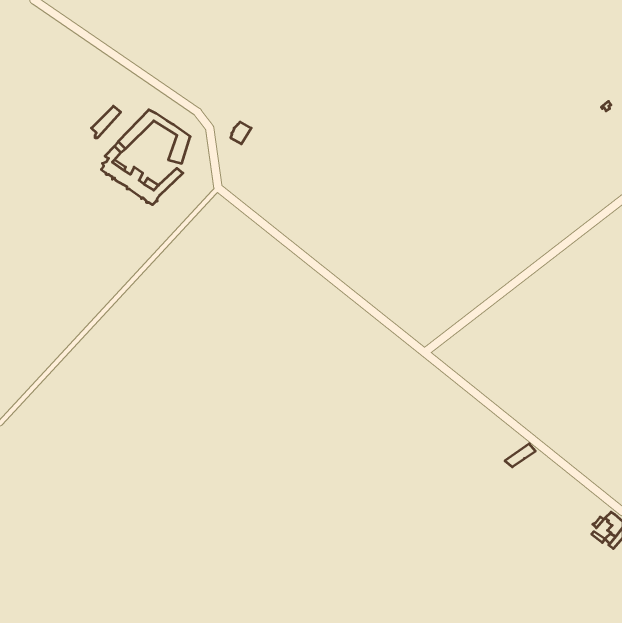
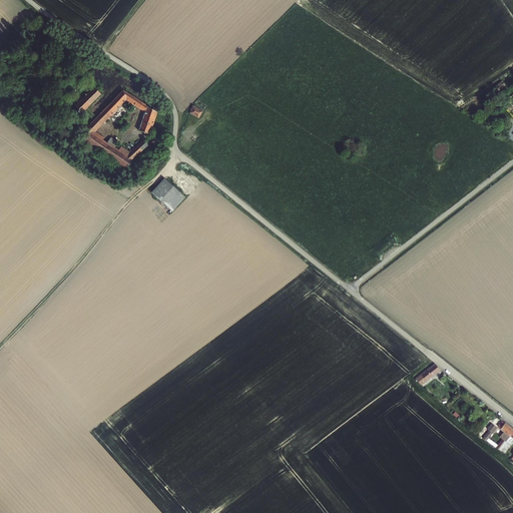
building: none -> [151,178,185,211]

